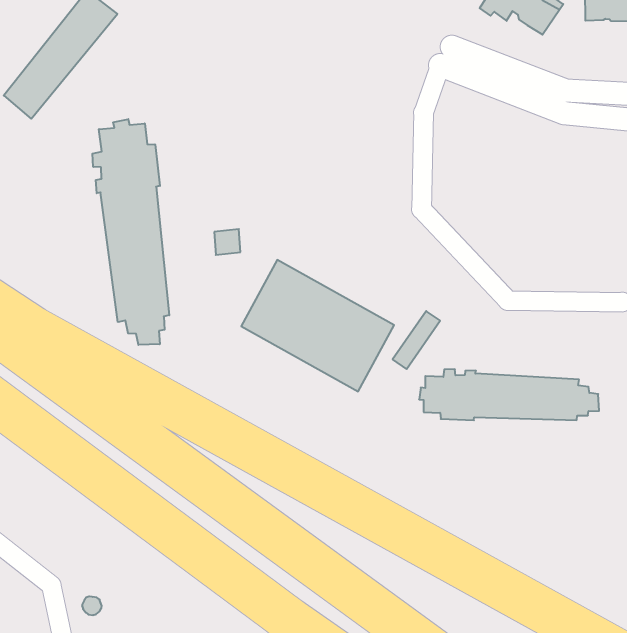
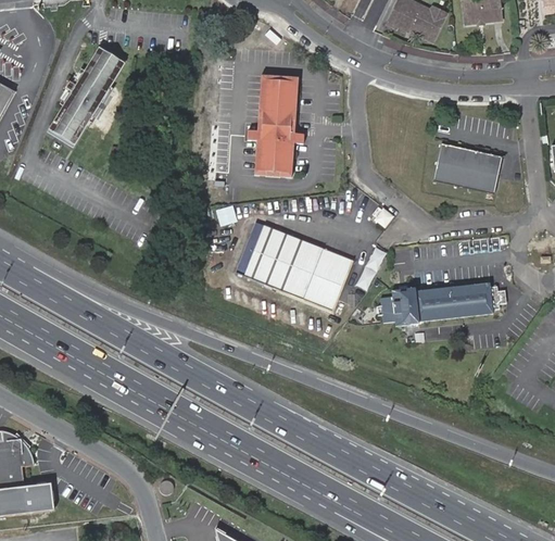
building: none -> [248,76,306,176]
building: [92,119,169,345] -> none
building: none -> [432,142,501,191]

